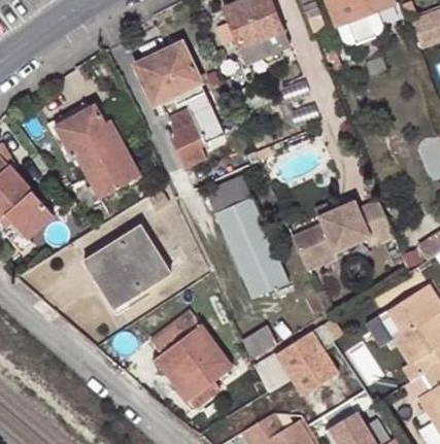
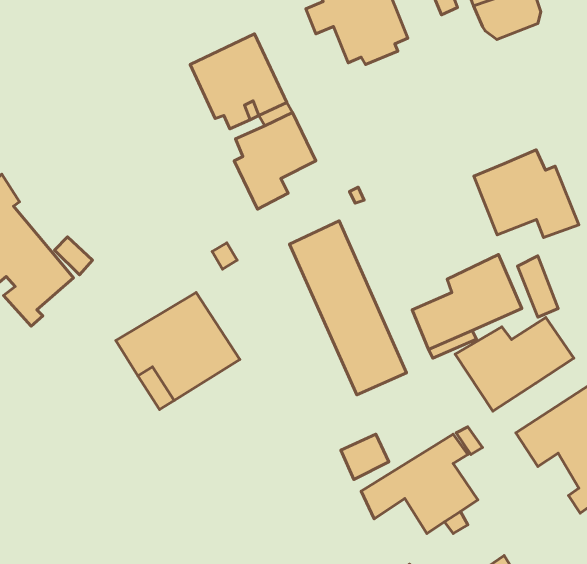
building: [54,102,138,197] -> none
building: none -> [474,150,579,237]
building: none -> [455,317,574,411]
building: [149,308,232,398] -> none

